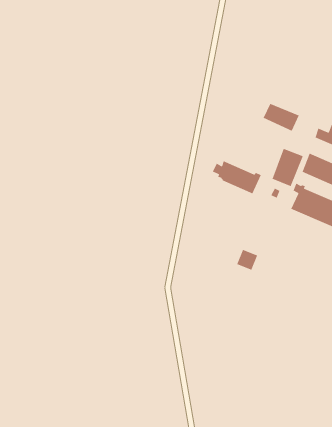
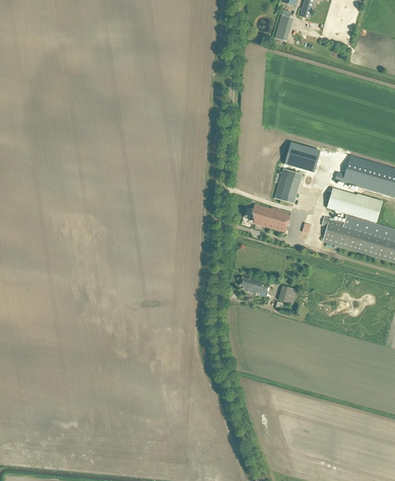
building: [272,148,304,187] -> [275,167,303,203]
building: none -> [240,276,271,296]

